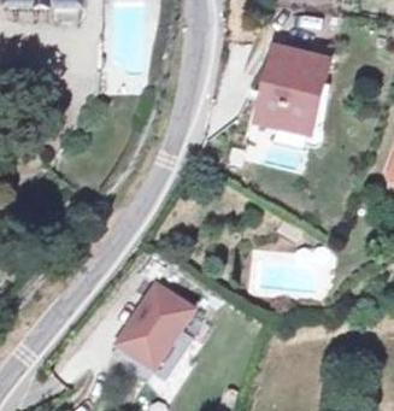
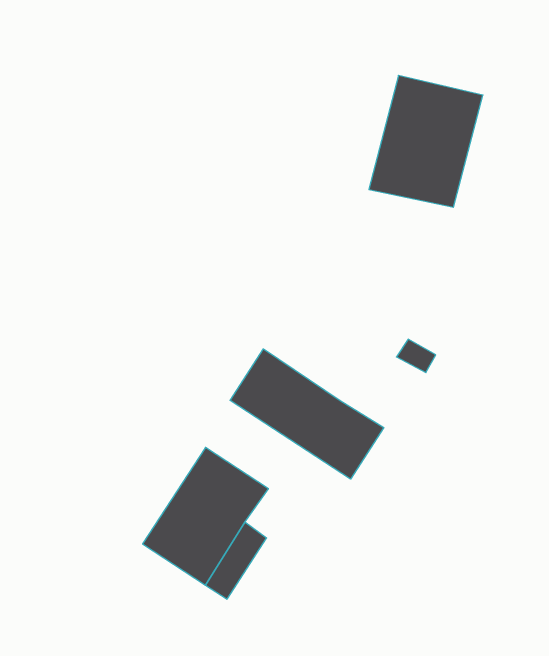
building: none -> [230,349,384,479]

